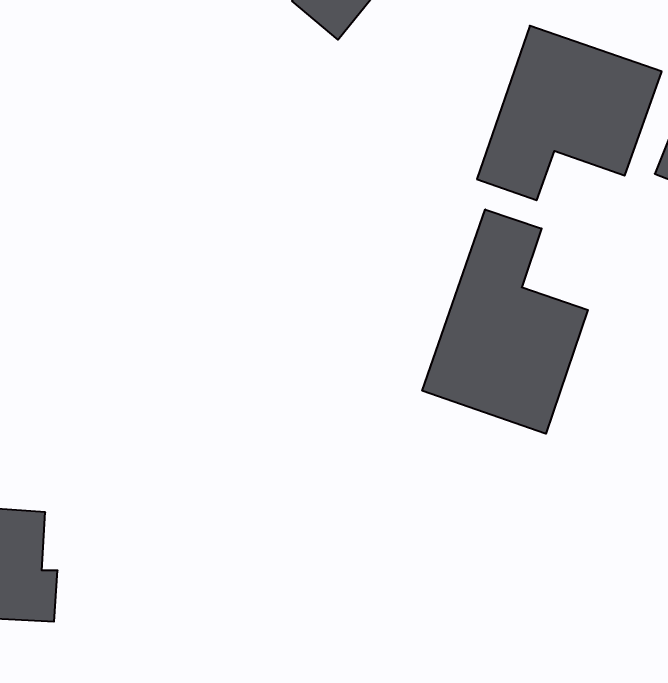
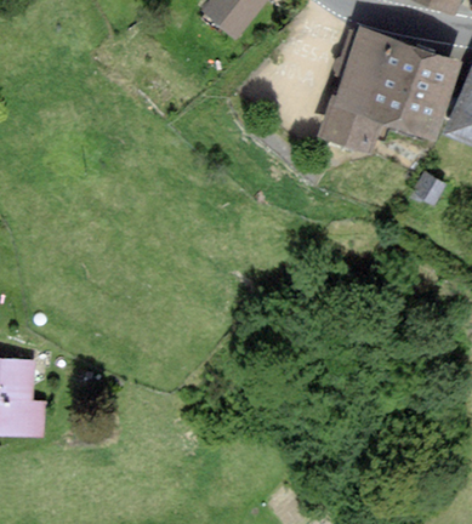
building: [422,209,588,434] -> none

